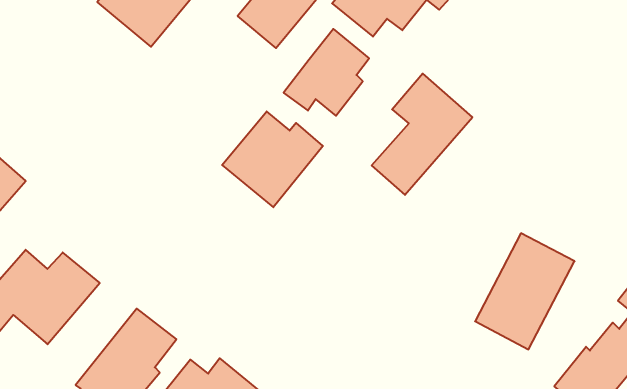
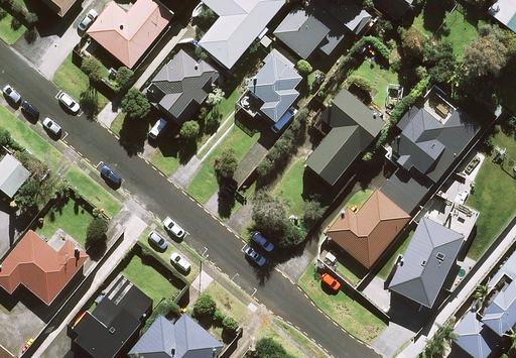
building: none -> [327,107,480,268]
building: [222,111,323,207] -> [144,48,224,124]

